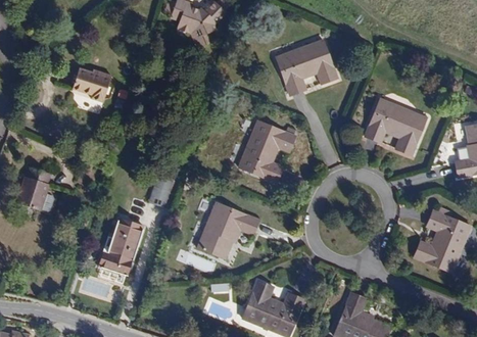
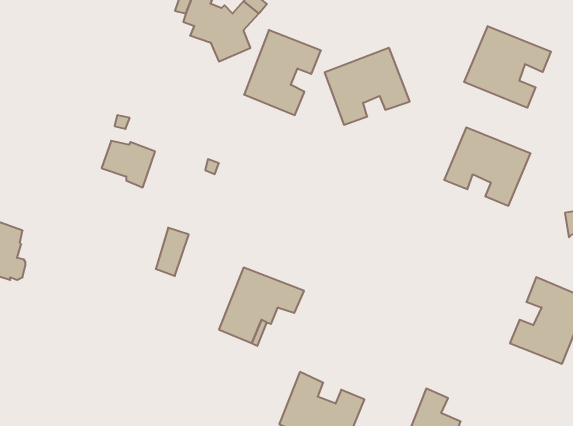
building: none -> [464,26,551,108]
building: [71,67,111,102] -> [102,141,155,187]
building: [238,119,295,183] -> [244,30,321,115]
building: [96,220,144,276] -> none

